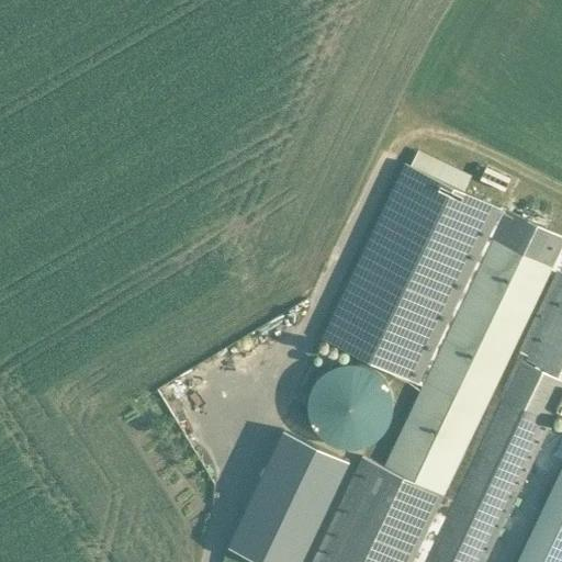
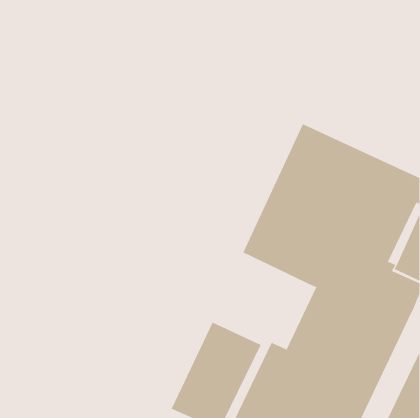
building: [308,368,392,450] -> none

